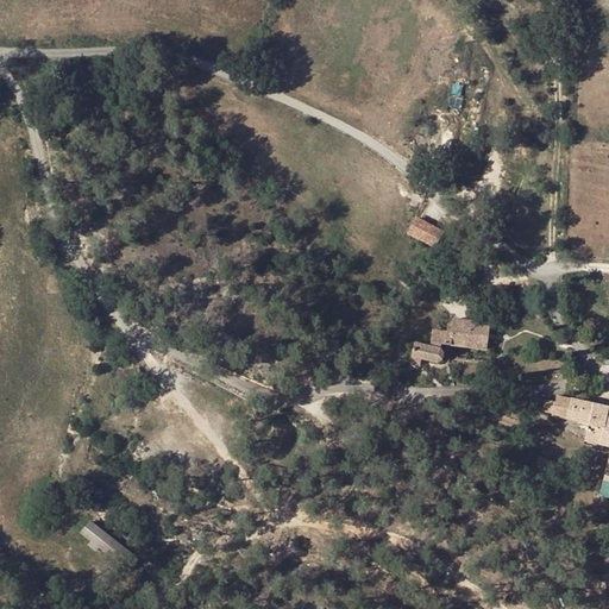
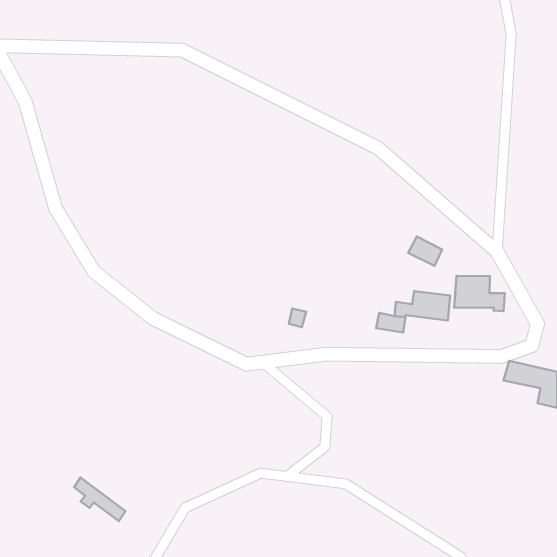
building: [407,216,444,249] -> [408,236,442,266]
building: none -> [454,276,505,311]

